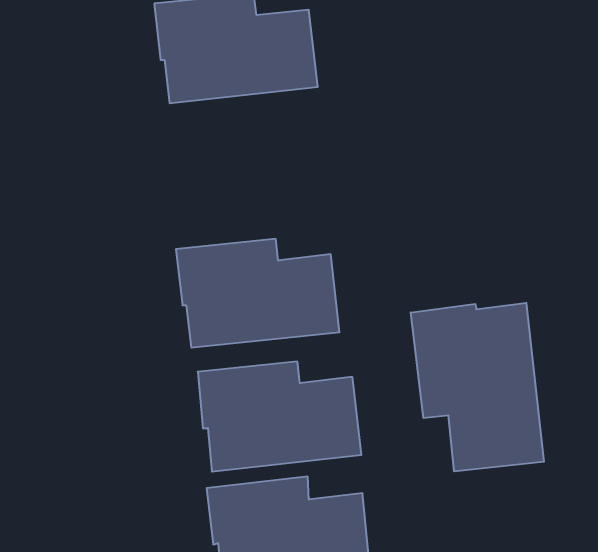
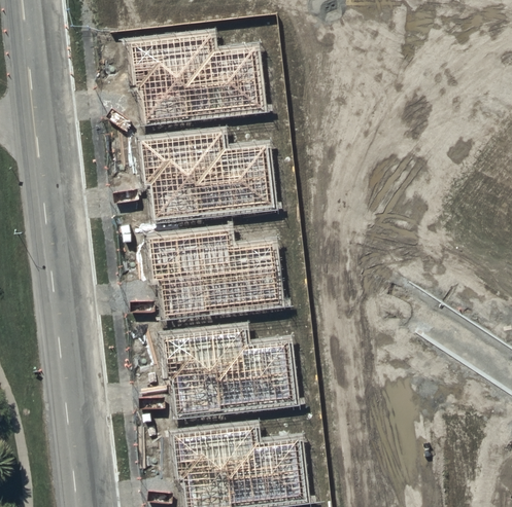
building: none -> [143,133,275,220]
building: [411,303,544,471] -> none

